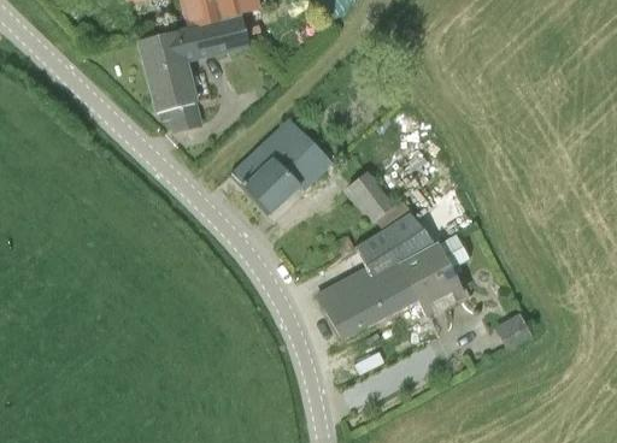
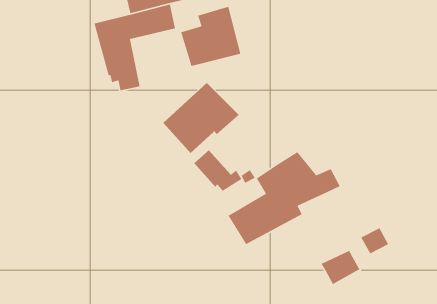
building: none -> [180,6,241,67]
building: [345,171,410,228] -> [194,149,242,192]
building: [411,266,464,313] -> [321,250,360,285]

